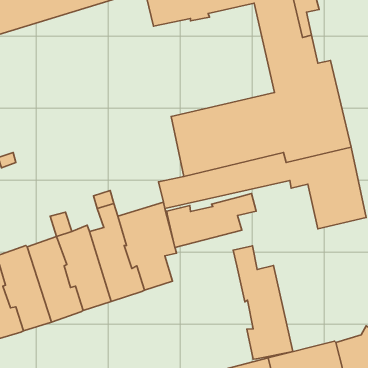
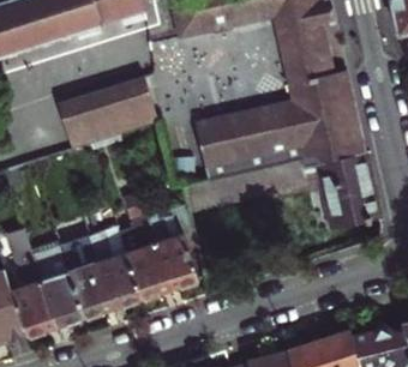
building: none -> [56,77,156,150]
building: [167,193,256,248] -> none
building: [233,246,293,359] -> none

